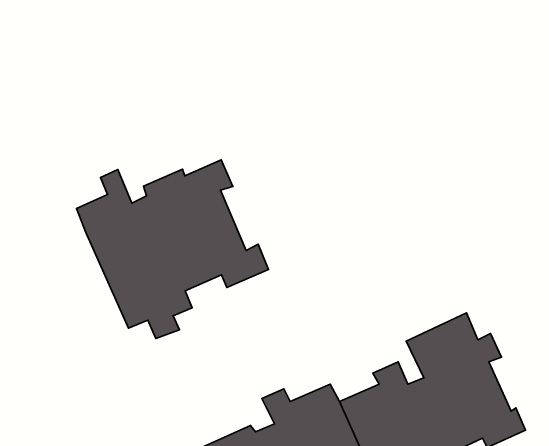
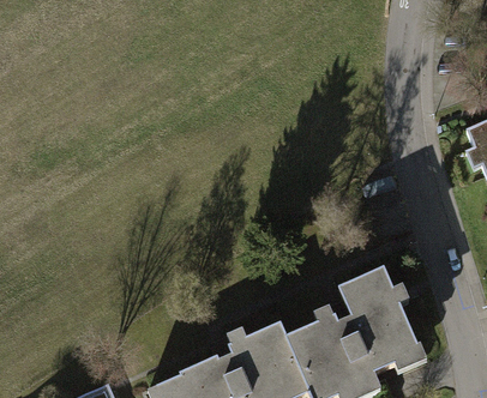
building: [77,160,269,338] -> none

